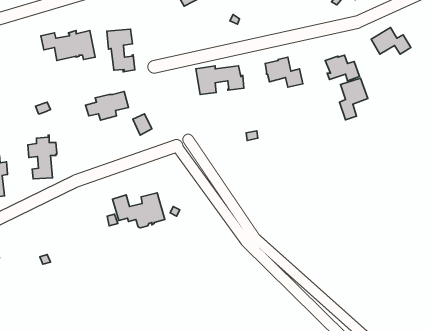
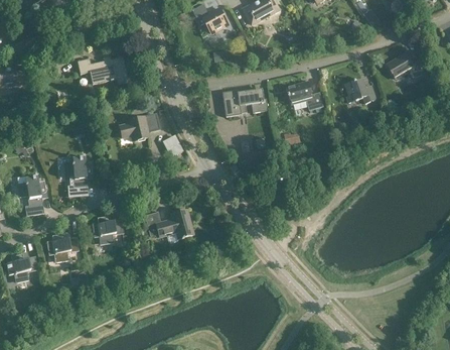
building: [107,29,135,72] -> none
building: [339,78,368,120] -> none
building: none -> [91,217,123,244]
building: none -> [45,234,78,262]

